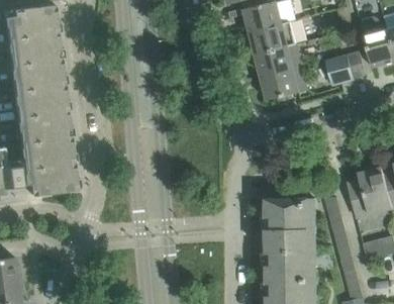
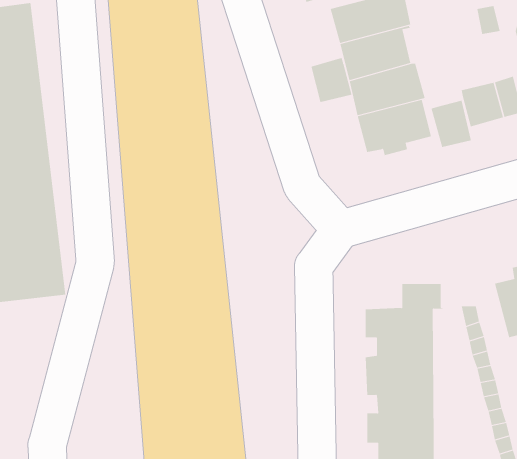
building: none -> [311,57,352,103]
building: none -> [431,100,472,148]

